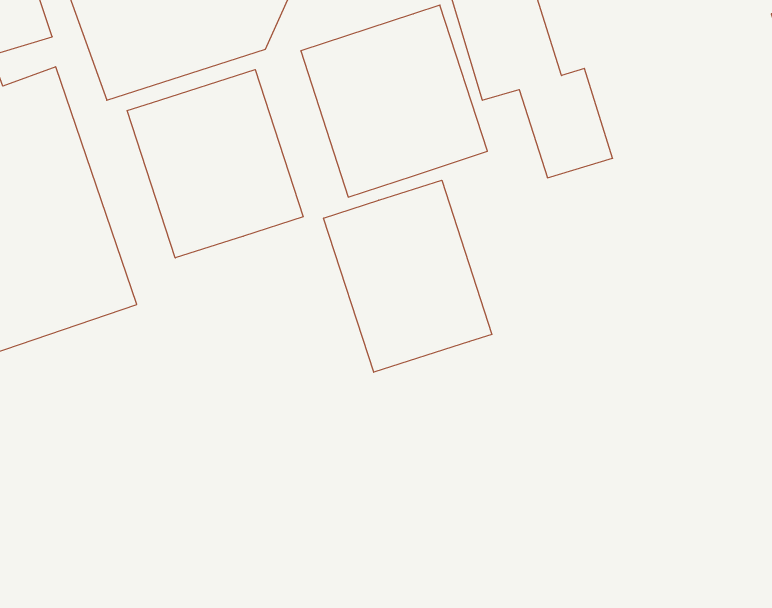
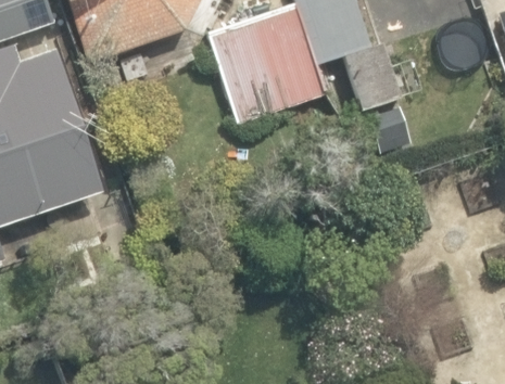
building: [127,70,303,258] -> none
building: [324,180,492,372] -> none

